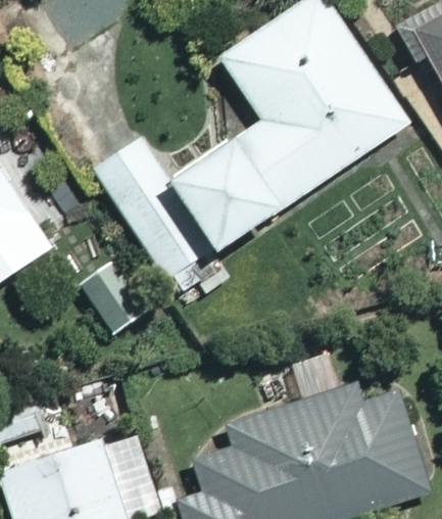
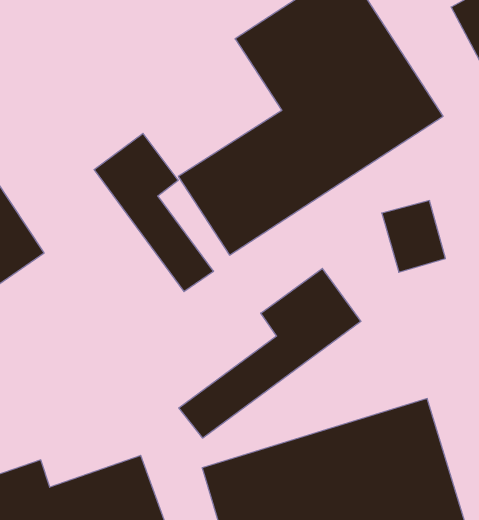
building: none -> [179,268,361,438]

